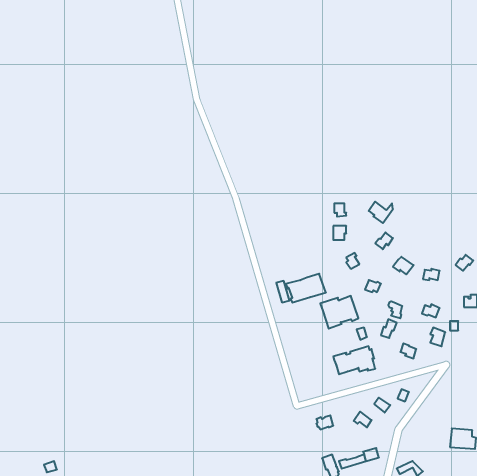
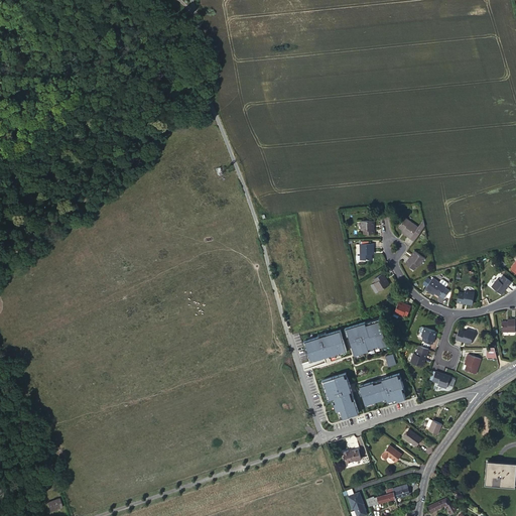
building: [286,274,326,303] -> [303,331,347,362]
building: none -> [324,375,359,419]

